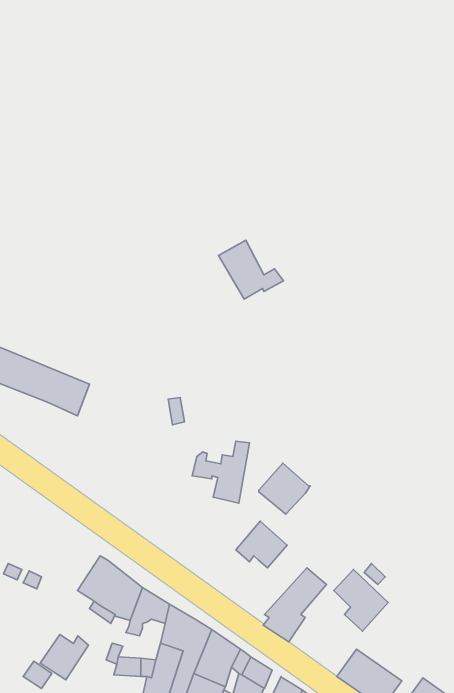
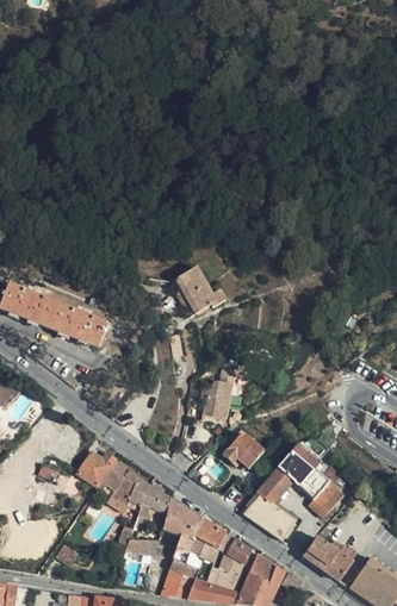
building: [219,240,284,299] -> [175,267,227,313]
building: [259,463,310,514] -> [279,446,320,487]
building: none -> [265,508,296,541]
building: [40,634,88,680] -> [77,451,116,487]

